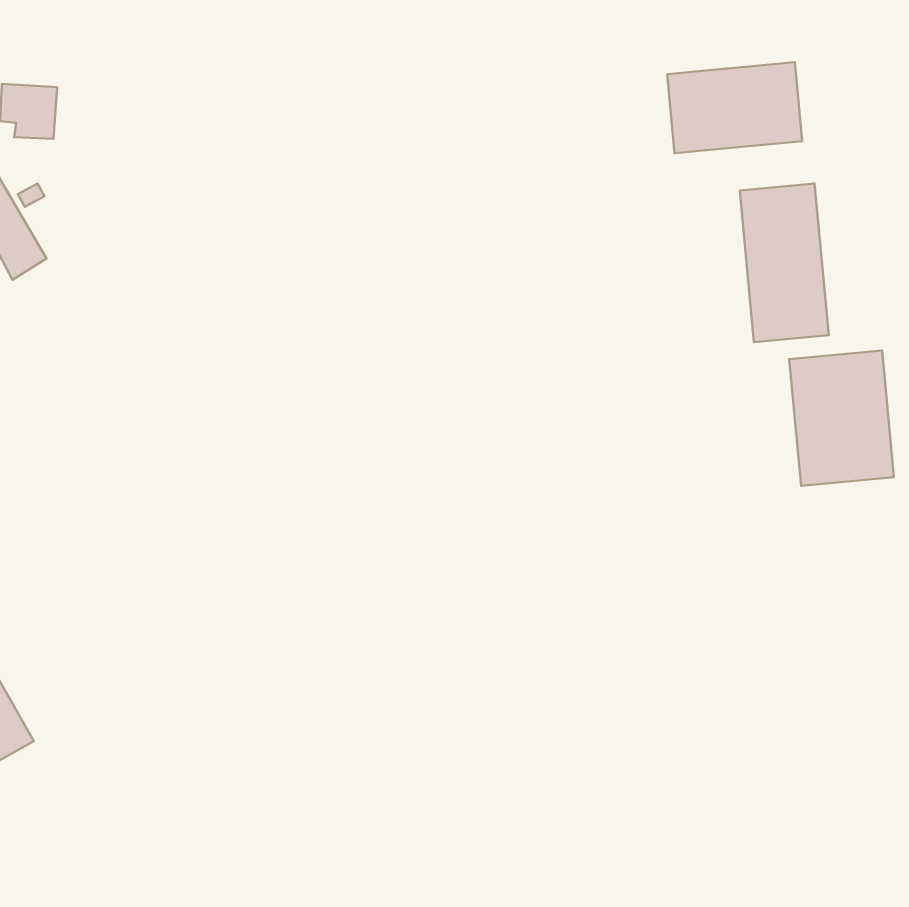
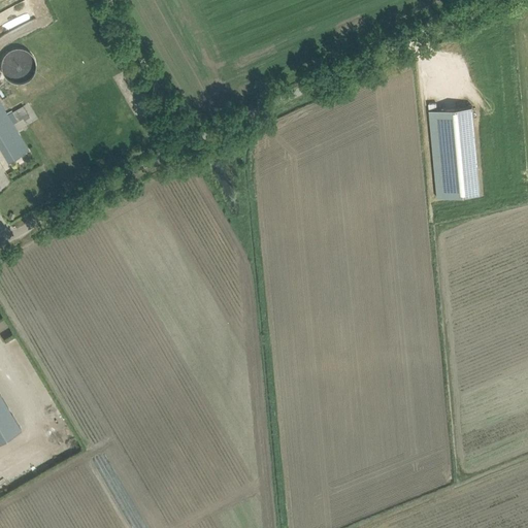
building: [667,62,802,153] -> none
building: [789,351,894,486] -> none

